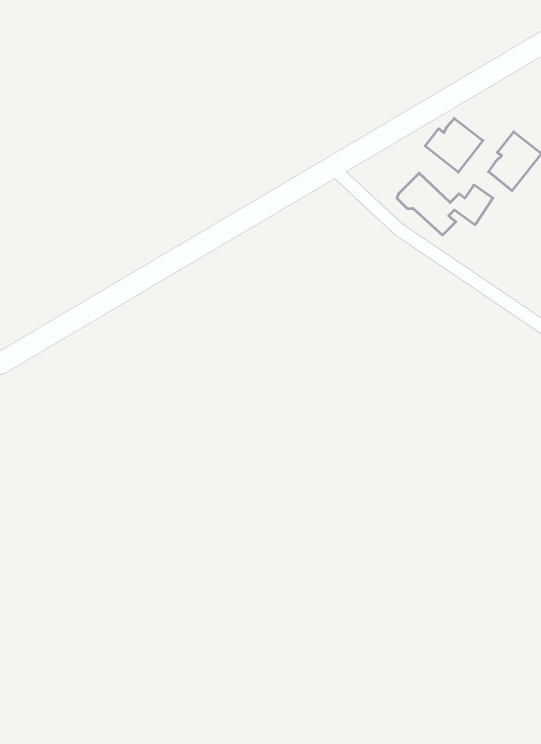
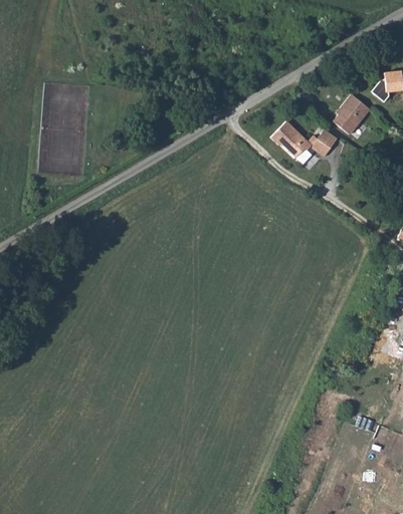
building: [425,118,483,172] -> none

